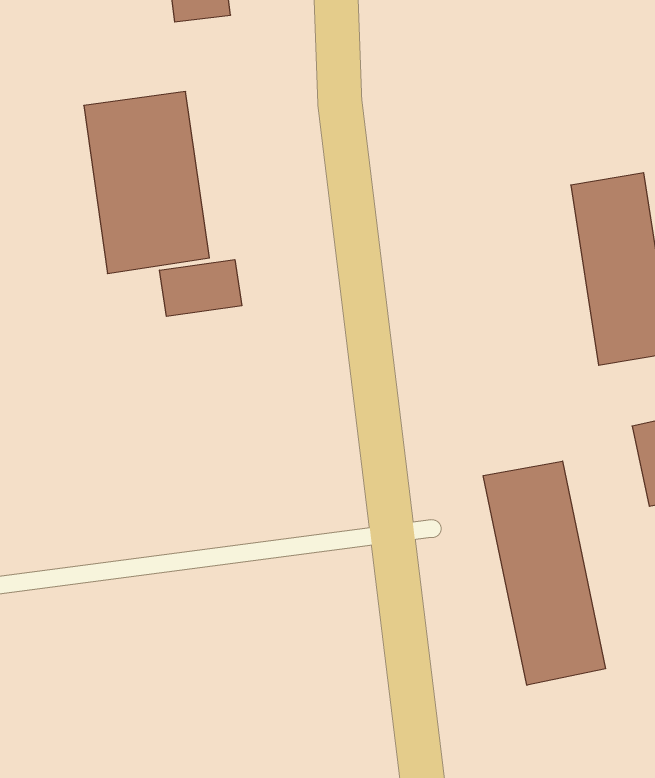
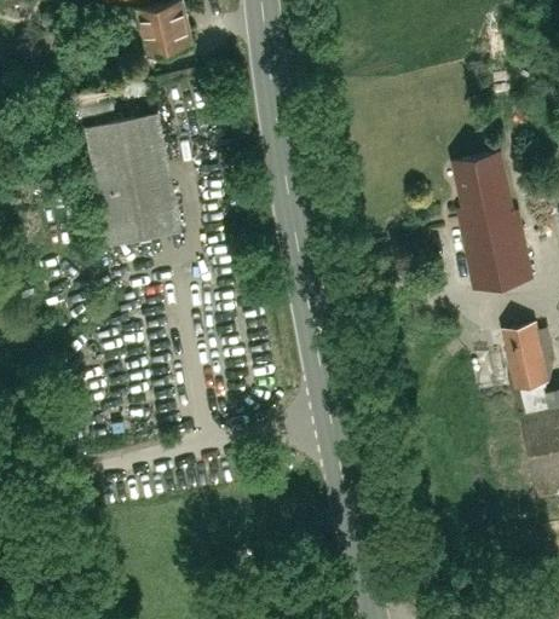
building: [160,260,242,316] -> none
building: [483,461,605,685] -> none

